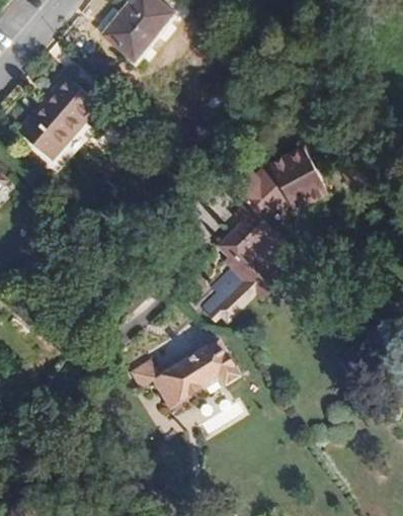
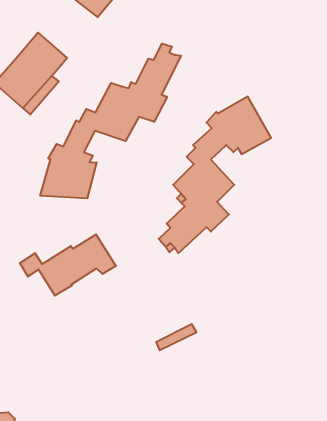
building: none -> [40,44,181,198]
building: [131,339,239,408] -> [20,234,116,296]

